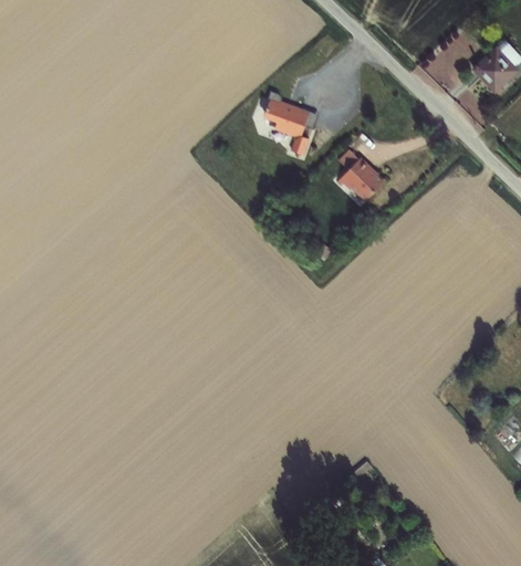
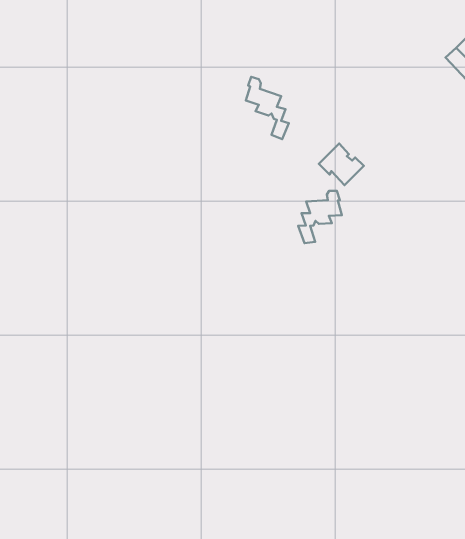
building: none -> [298,191,342,243]

